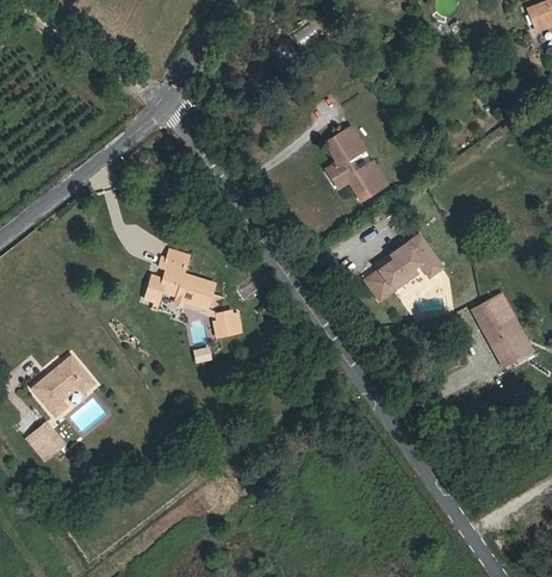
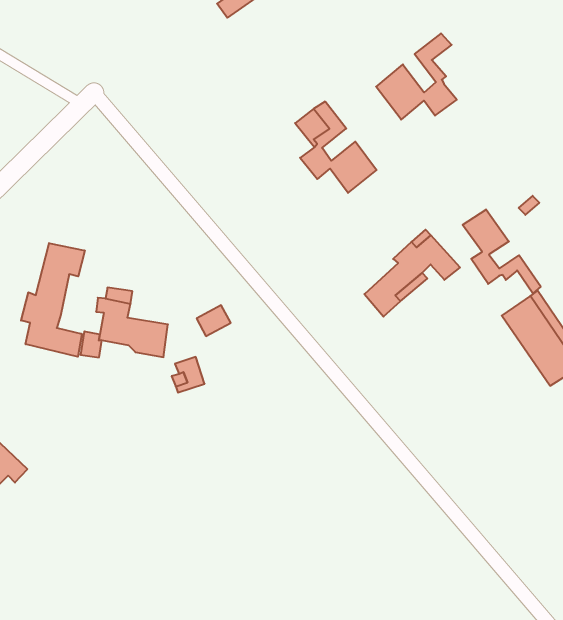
building: none -> [376,33,457,120]
building: none -> [21,243,85,357]
building: none -> [463,209,541,294]

